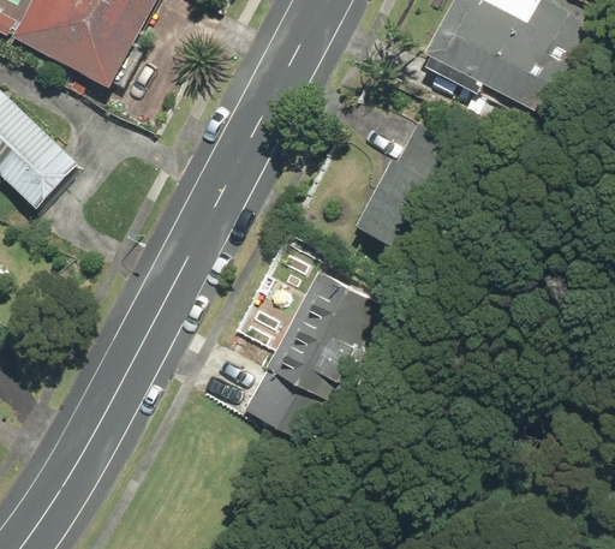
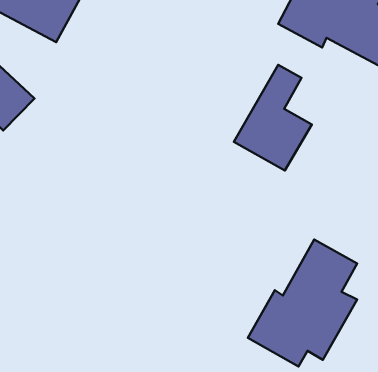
building: [238,268,388,447] -> none
building: none -> [248,239,357,367]

